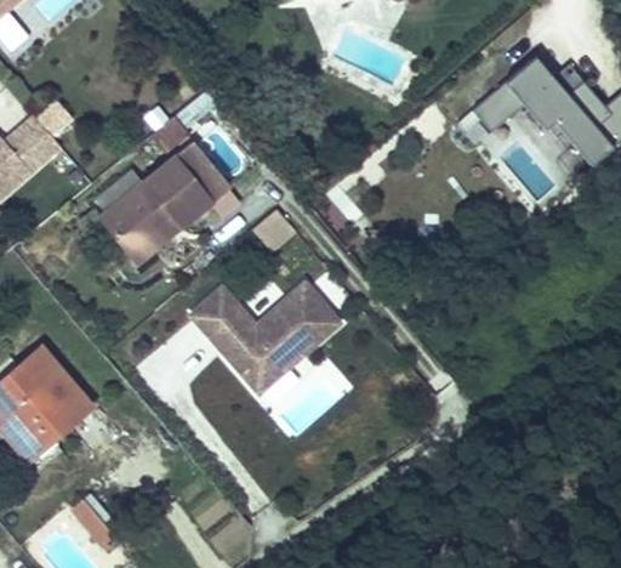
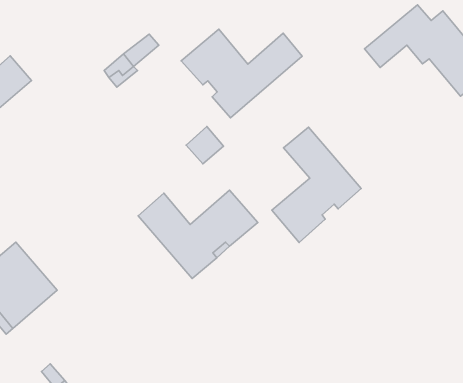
building: none -> [181,29,302,118]
building: [101,141,233,263] -> none
building: none -> [272,127,361,243]

